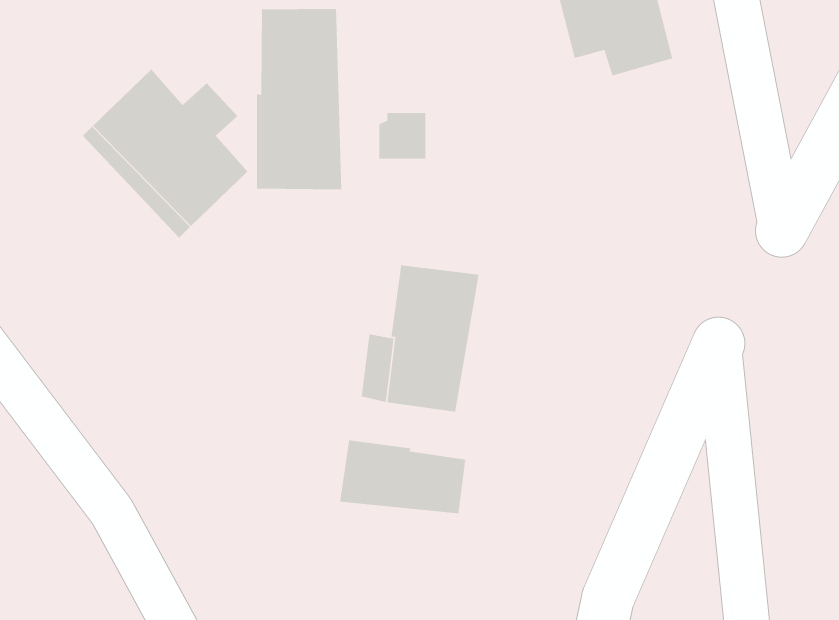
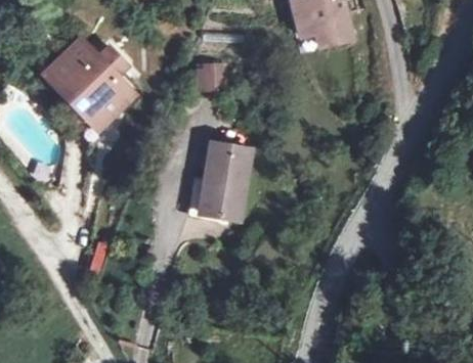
building: [256,8,342,190] -> none
building: [339,439,466,514] -> none

